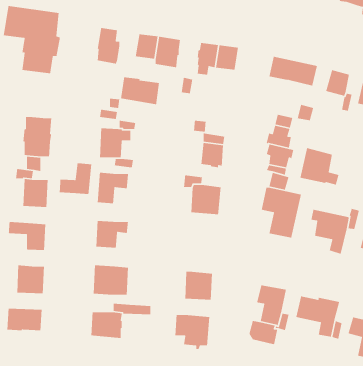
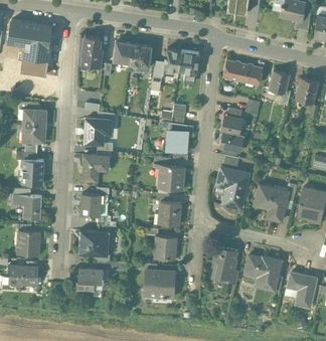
building: [120,76,160,105] -> none
building: [299,147,340,186] -> none
building: [59,162,92,195] -> none
building: none -> [160,198,184,222]

